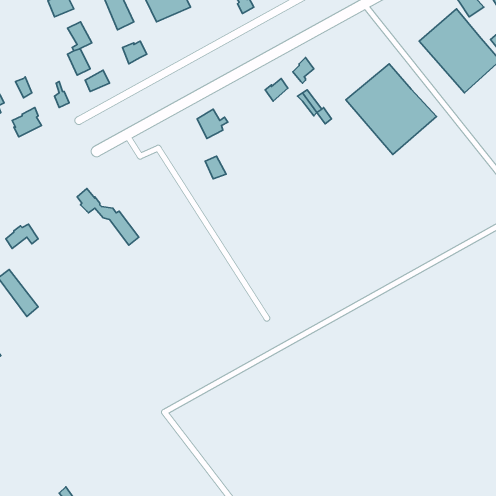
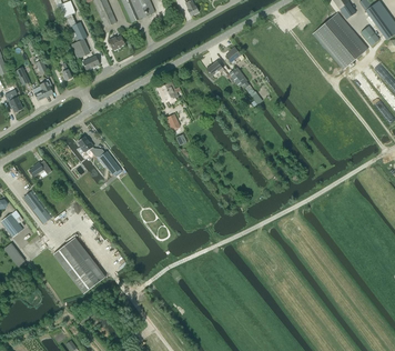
building: [346,64,436,154] -> none
building: none -> [52,237,104,291]

